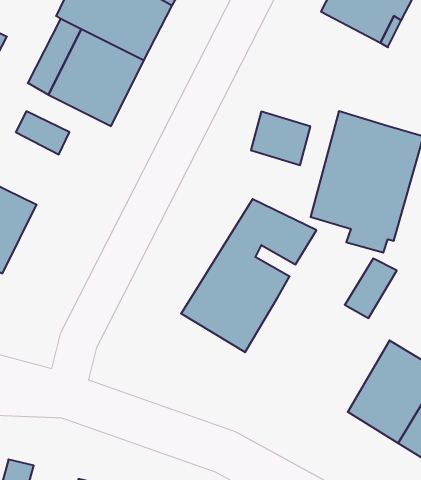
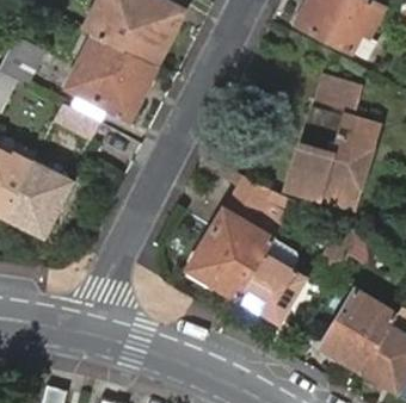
building: [251,112,310,165] -> [312,74,359,117]
building: none -> [236,254,302,321]

